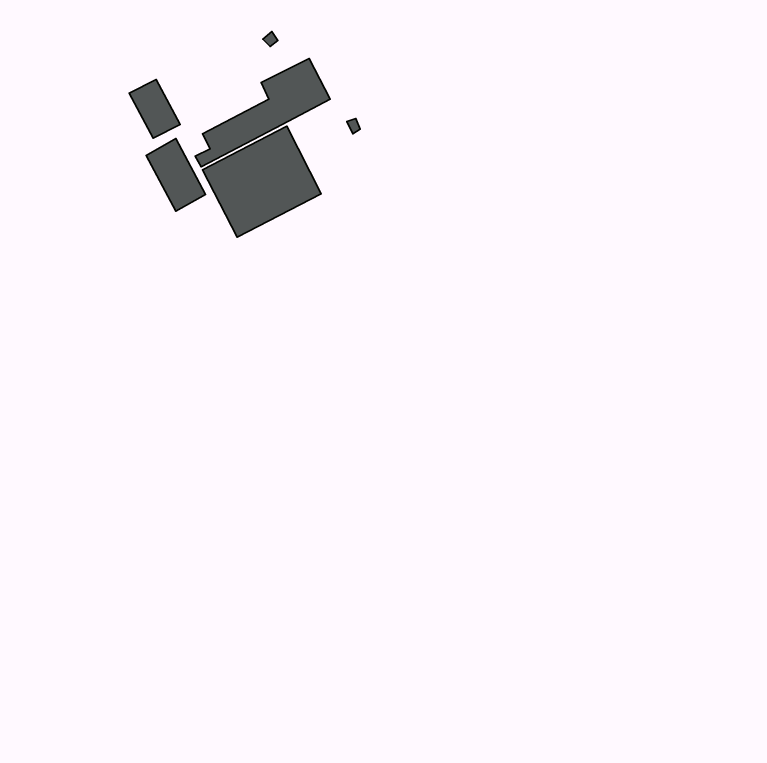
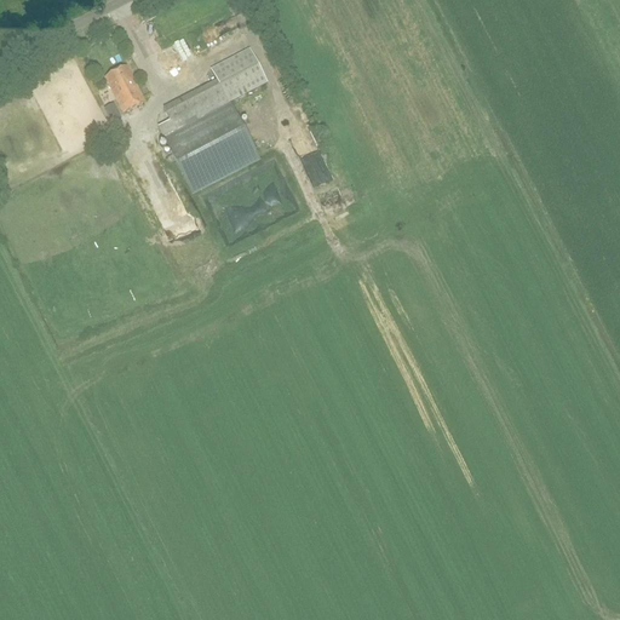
building: [146,139,205,211] -> none

